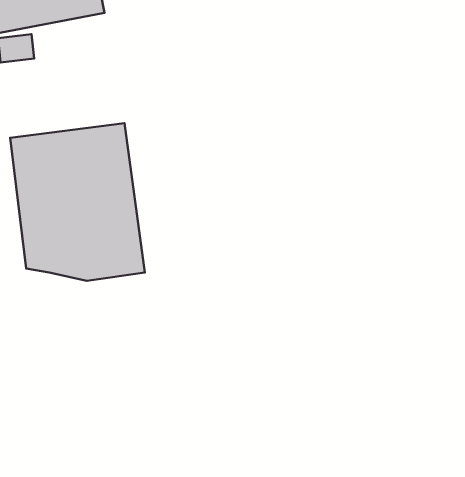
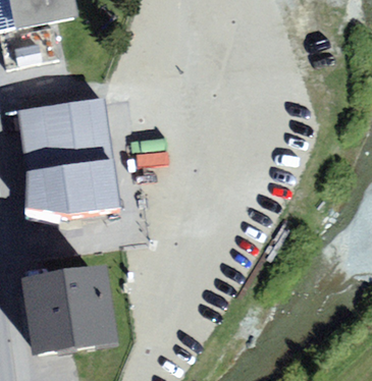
building: none -> [20,265,111,344]

